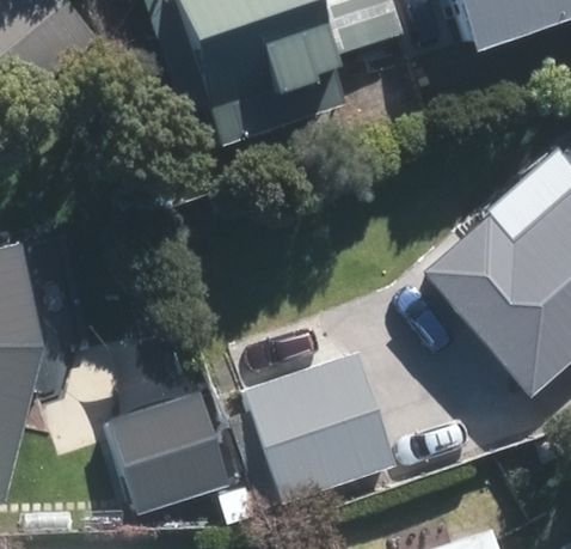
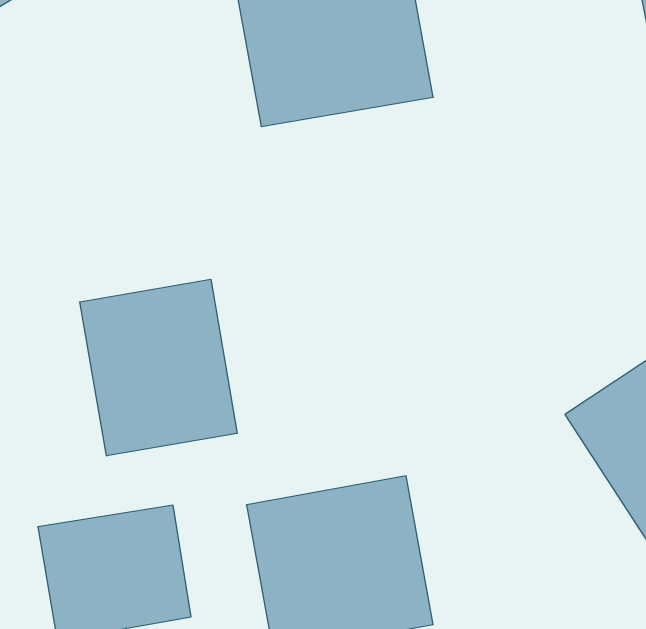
building: none -> [80,279,237,456]

